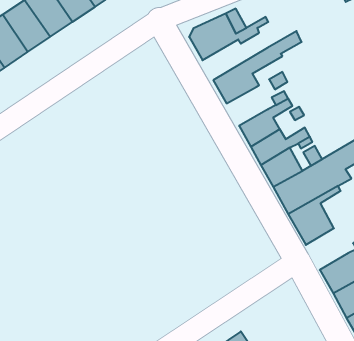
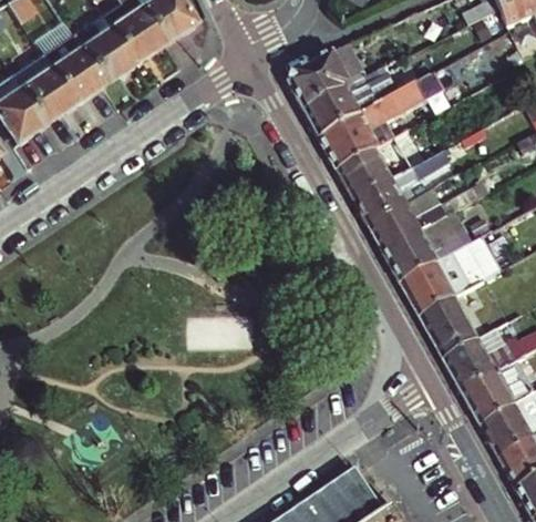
building: none -> [309,78,395,141]
building: none -> [341,150,396,202]
building: none -> [446,338,503,393]

